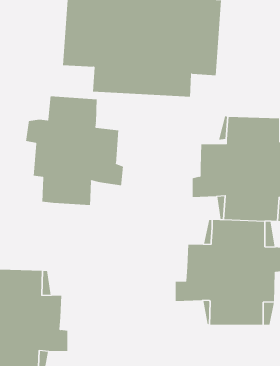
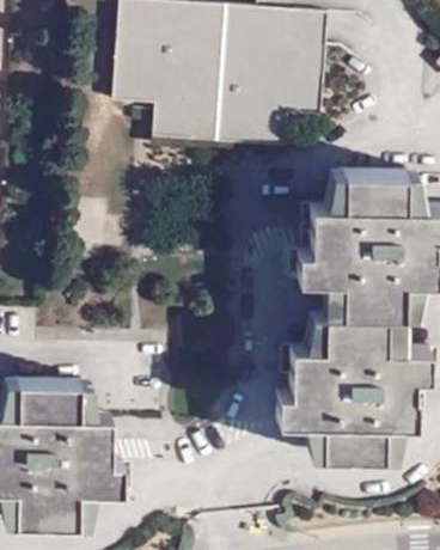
building: [26,95,123,206] -> none

